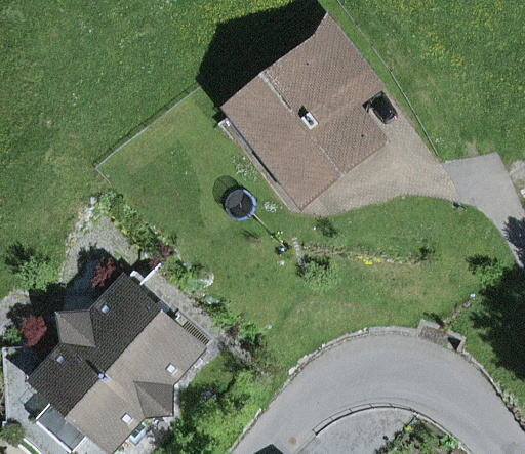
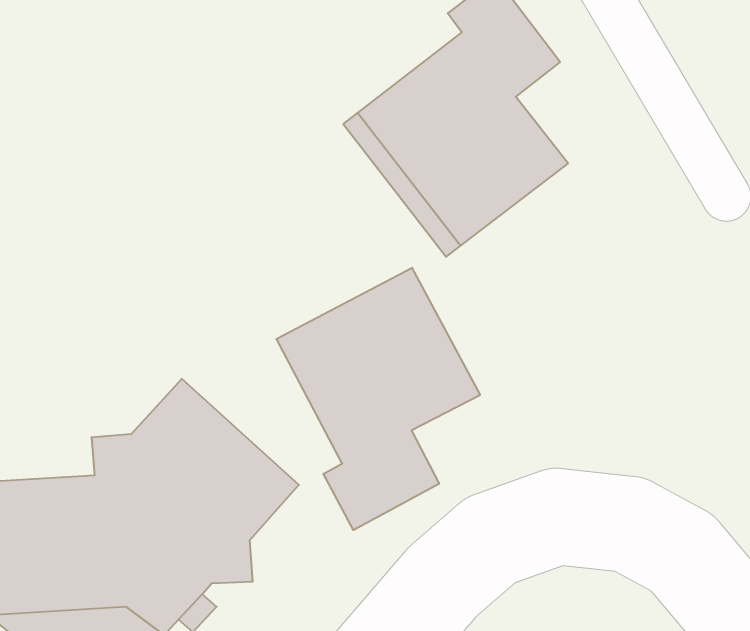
building: none -> [276,268,480,530]

